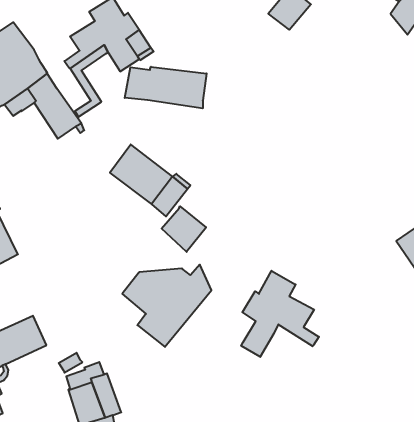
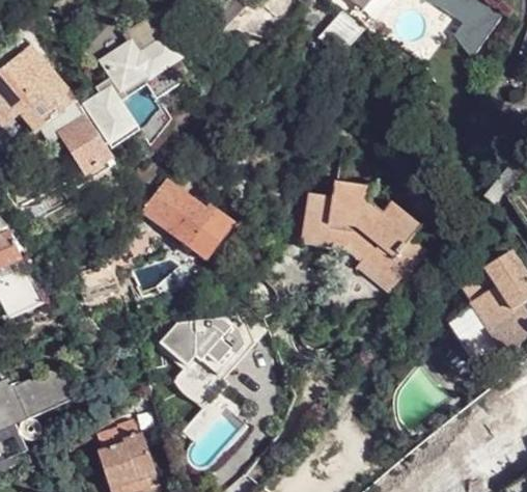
building: [125,67,207,108] -> none
building: none -> [80,95,121,143]
building: none -> [300,181,427,294]
building: [162,206,206,252] -> none
building: [241,271,319,357] -> none

